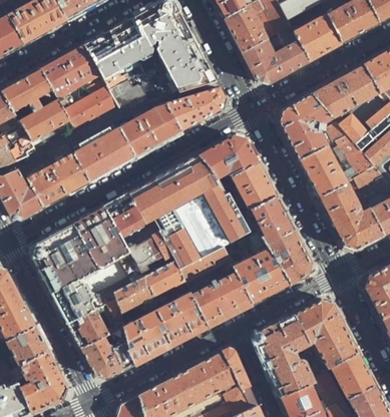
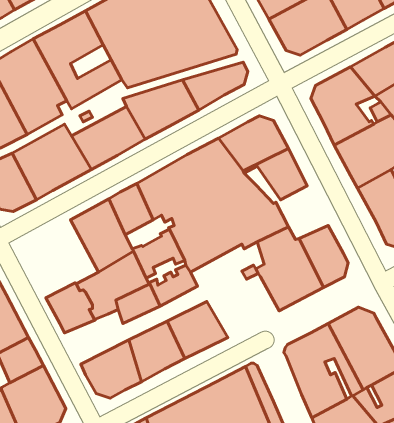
building: [249,195,294,242] -> none
building: [33,225,96,292] -> none
building: [175,246,228,284] -> none
building: [187,274,252,326] -> none
building: [67,302,122,349] -> none

